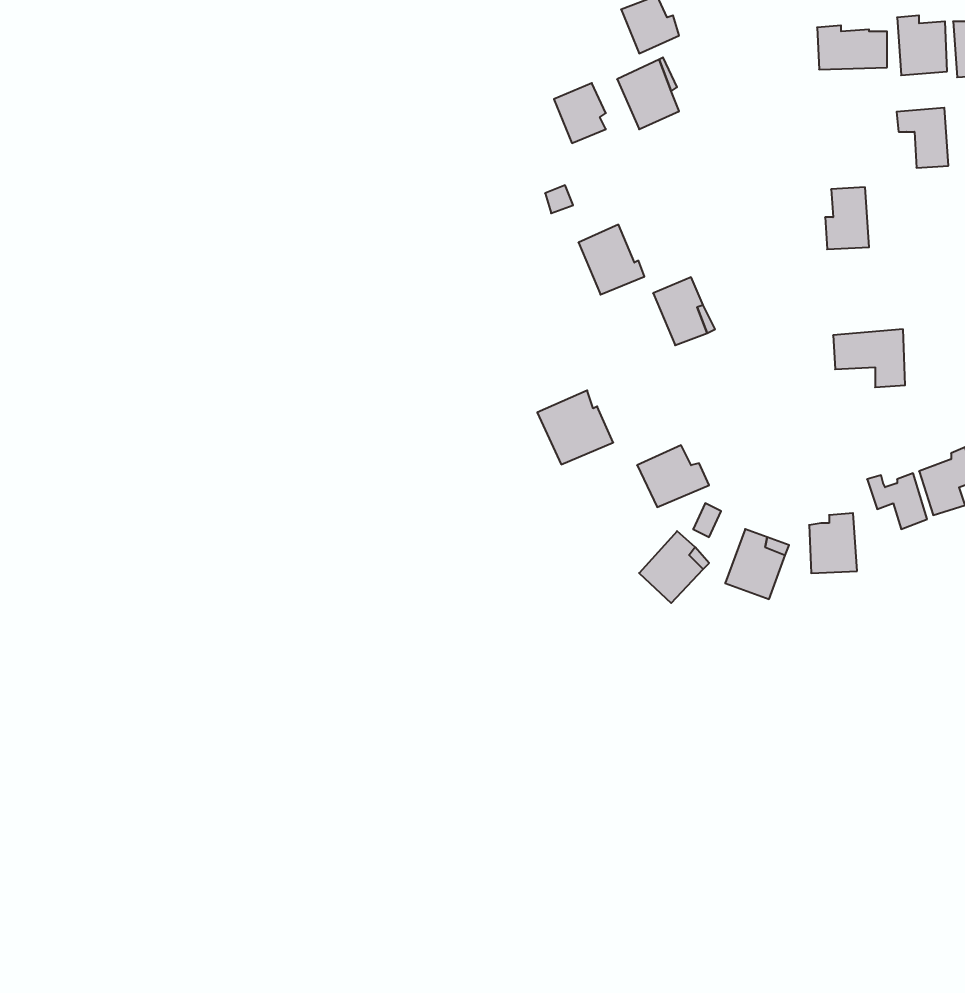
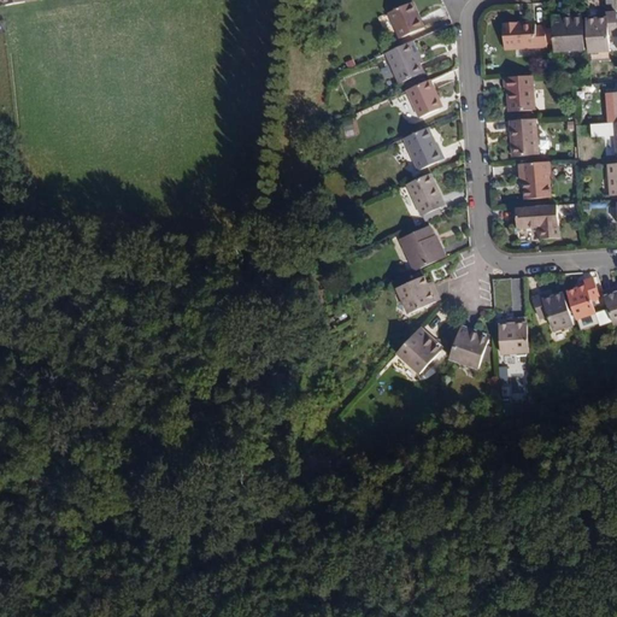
building: [554,83,606,143] -> [405,81,436,117]
building: [897,108,948,168] -> [500,76,531,112]
building: [578,225,644,295] -> [401,128,441,170]
building: none -> [516,161,548,195]
building: [537,390,613,464] -> [398,225,443,270]

